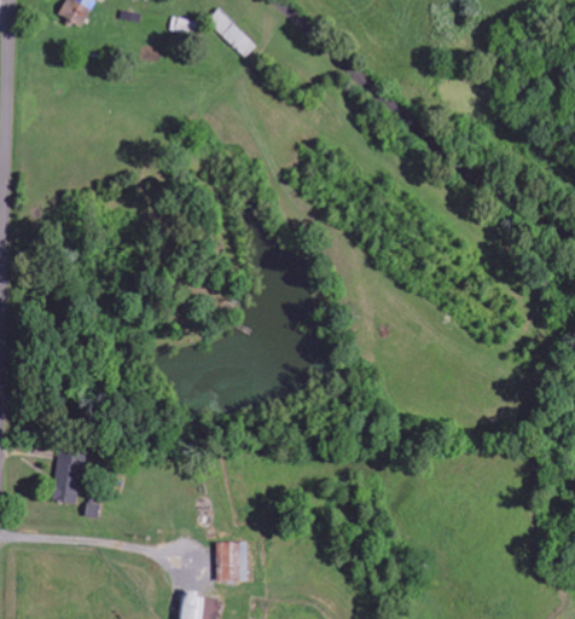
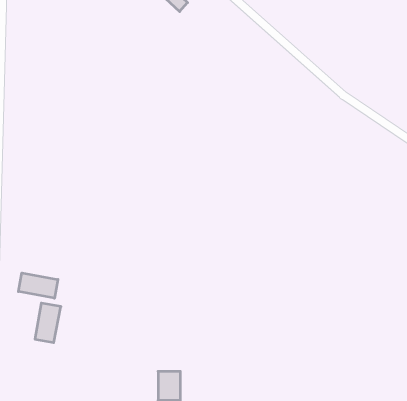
building: none -> [18,273,58,298]

